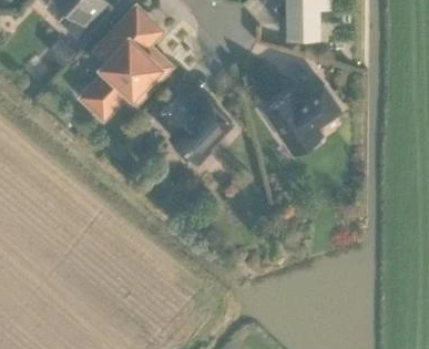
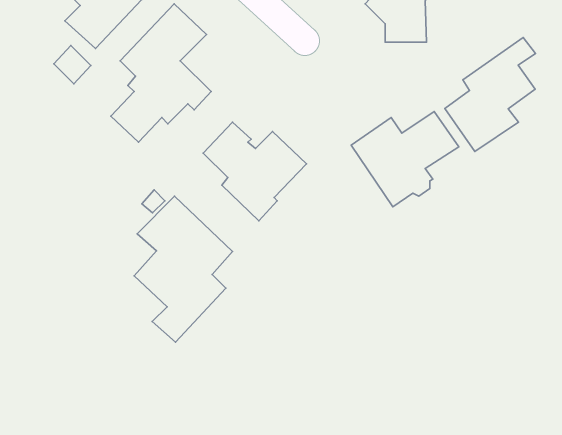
building: none -> [445,37,535,152]
building: none -> [134,196,233,342]

